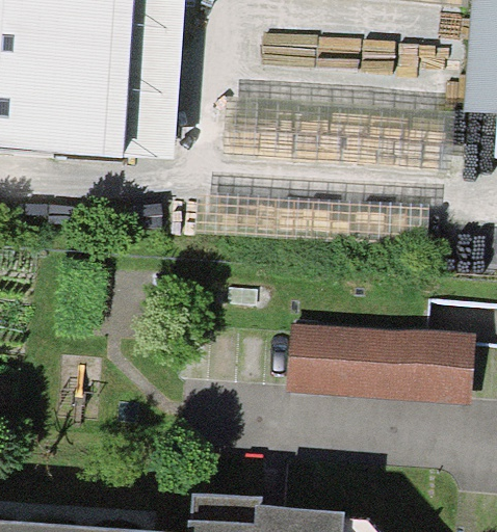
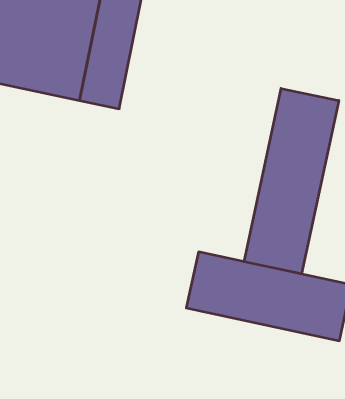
building: none -> [244,88,339,274]

